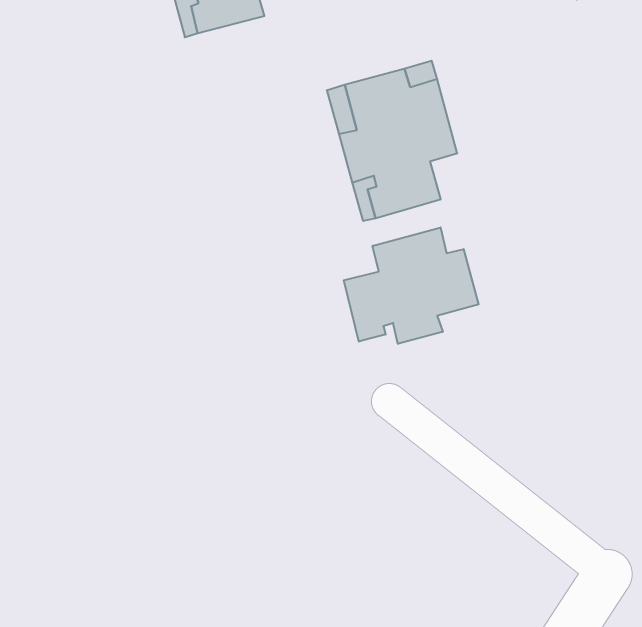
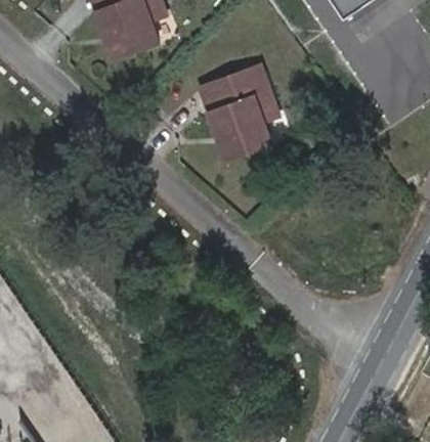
building: [344,227,479,344] -> none

